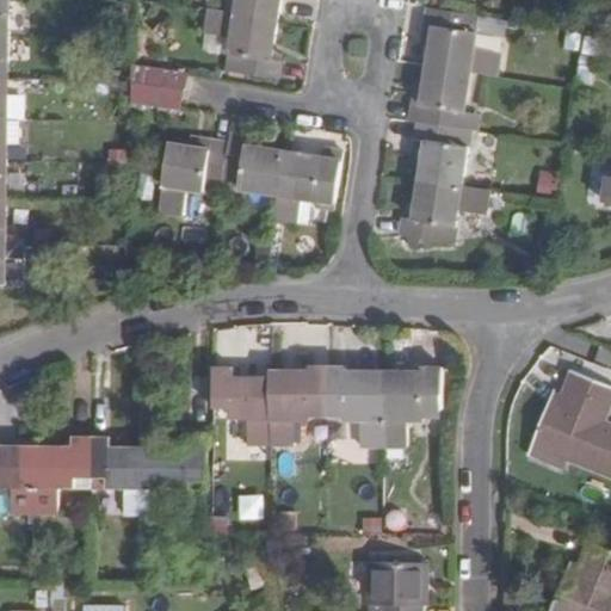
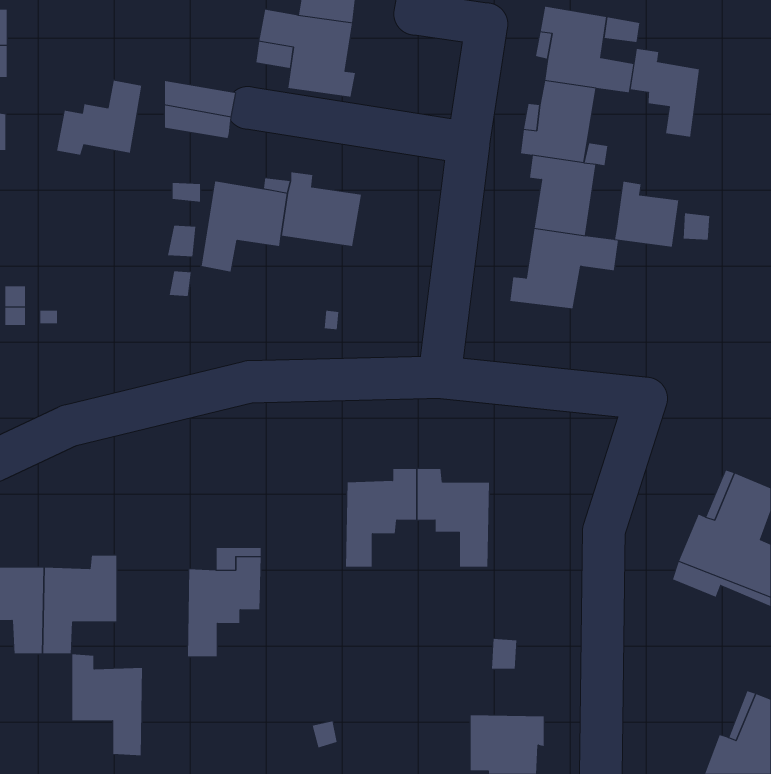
building: none -> [630,48,699,138]
building: none -> [57,80,142,156]
building: none -> [615,181,679,247]
building: [272,148,341,224] -> none
building: [209,366,272,445] -> none
building: [383,368,443,445] -> none
building: [92,436,148,516] -> [71,654,143,756]

